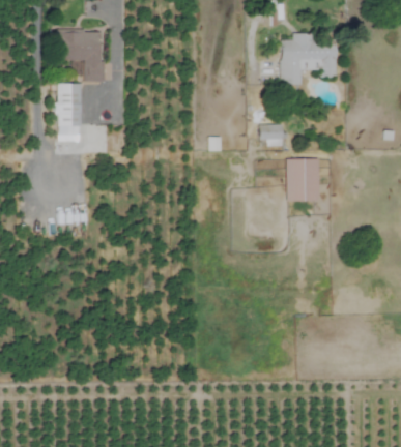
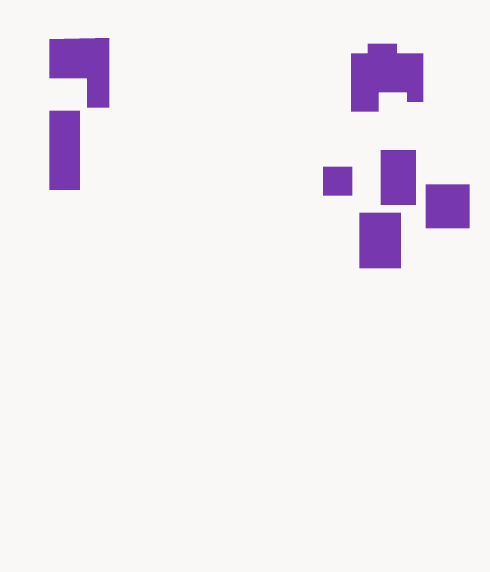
building: none -> [380,149,417,206]
building: none -> [425,183,470,229]

